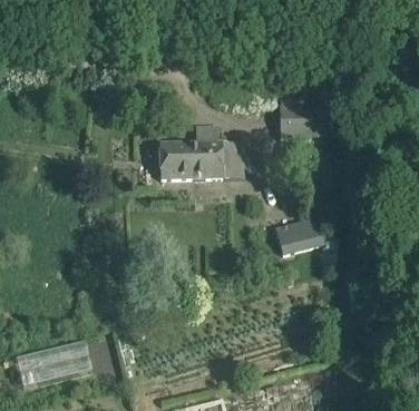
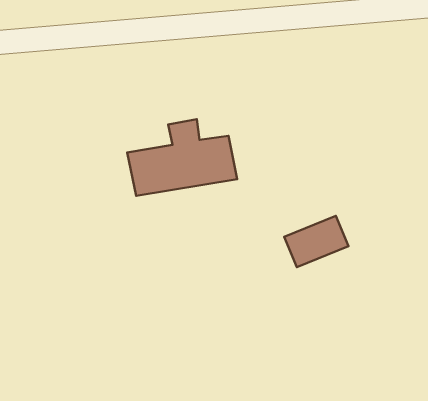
building: [279,104,310,138] -> none

